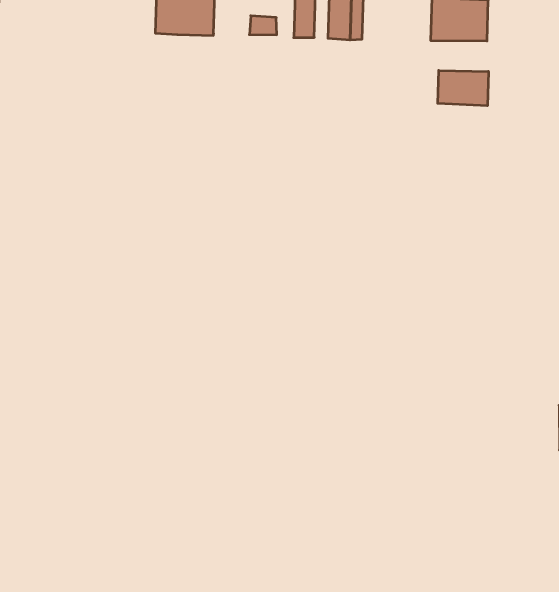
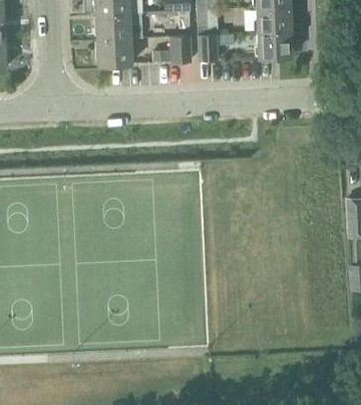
building: [438,70,488,106] -> none

